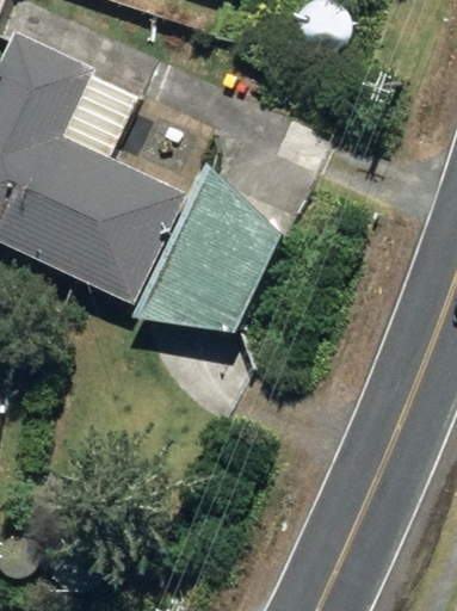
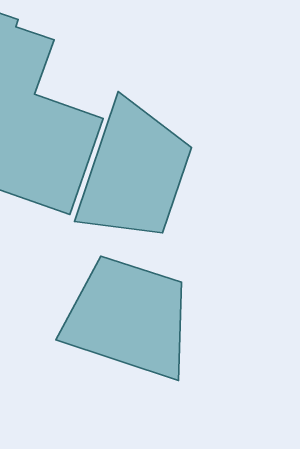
building: none -> [56,256,182,381]

